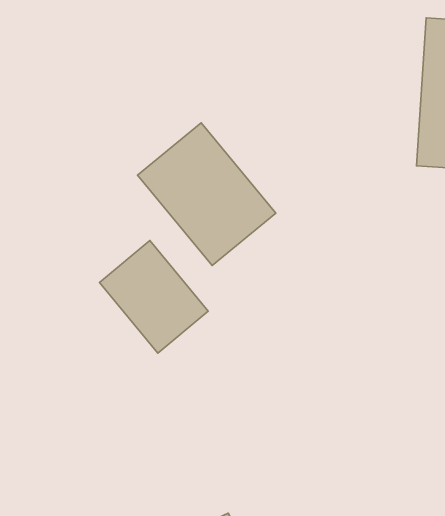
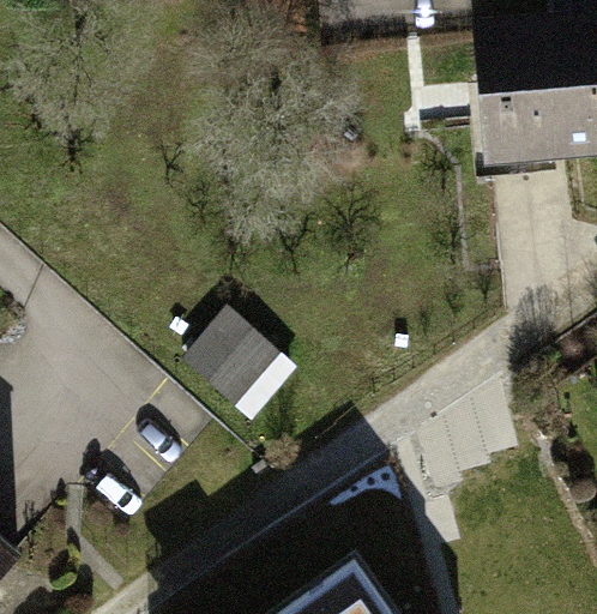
building: [137,123,276,266] -> none

